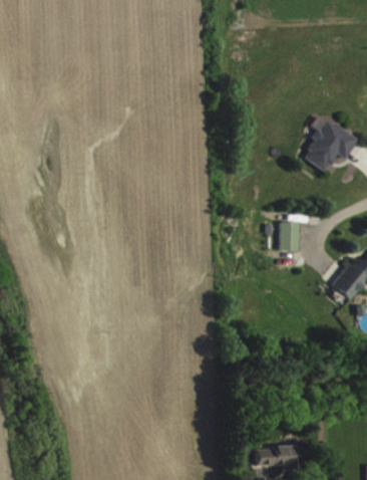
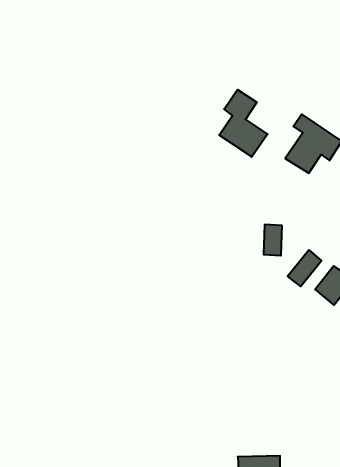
building: none -> [219,90,268,157]
building: none -> [288,250,321,286]

